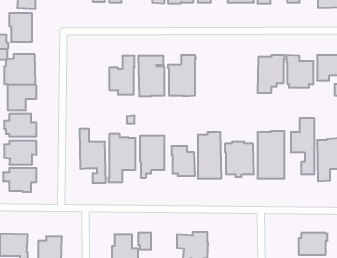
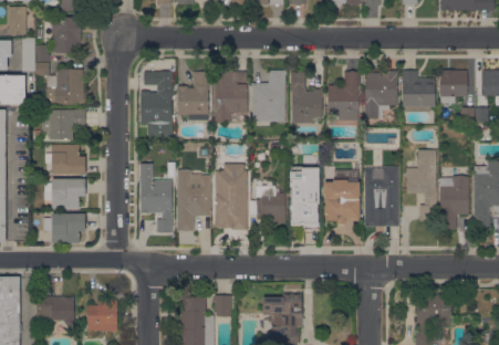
building: none -> [328,71,362,121]
building: none -> [141,72,173,133]
building: none -> [290,72,322,124]

